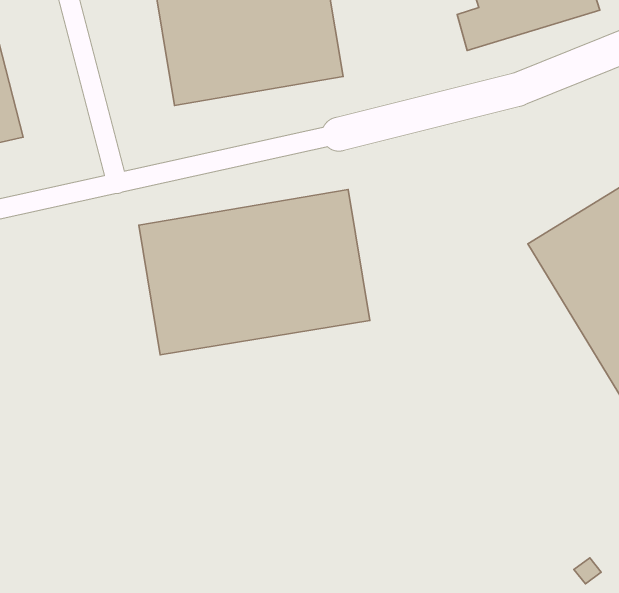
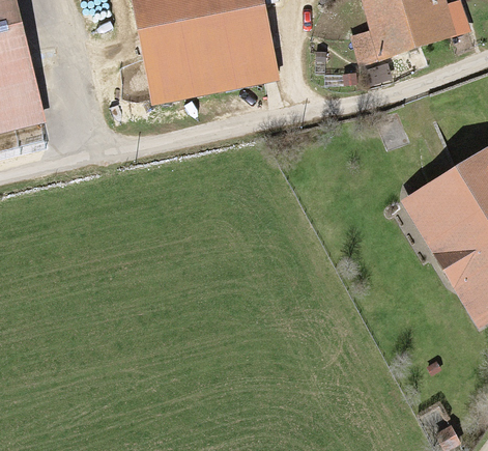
building: [139,190,370,355] -> none

